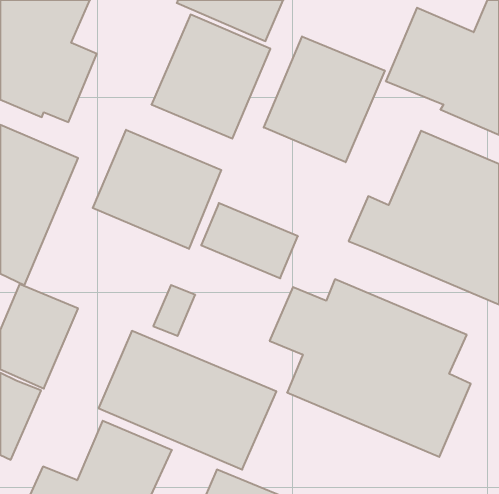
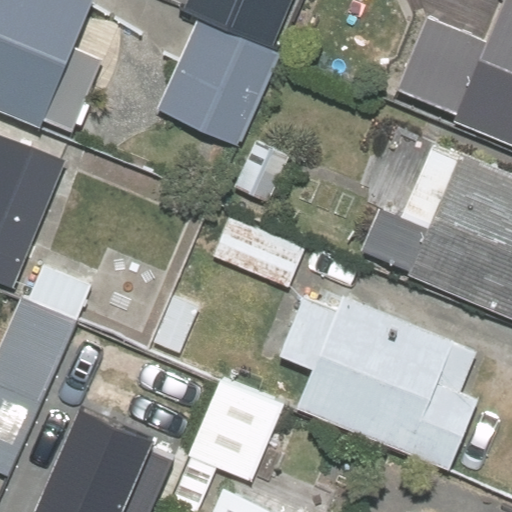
building: [264,36,385,162] -> none
building: [93,130,221,249] -> none

